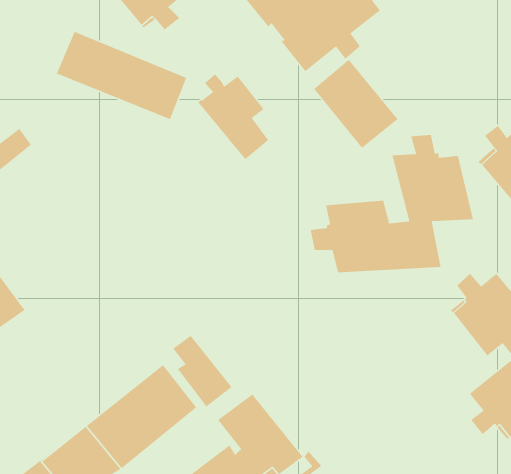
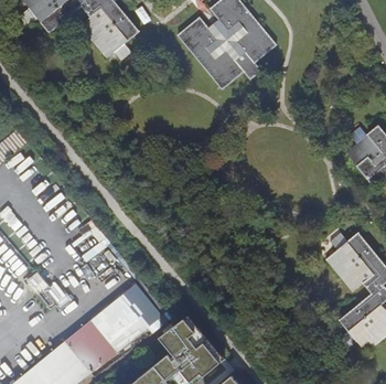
building: [56,31,187,120] -> none
building: [313,59,399,149] -> none
building: [197,74,269,160] -> none
building: [310,134,474,273] -> none

